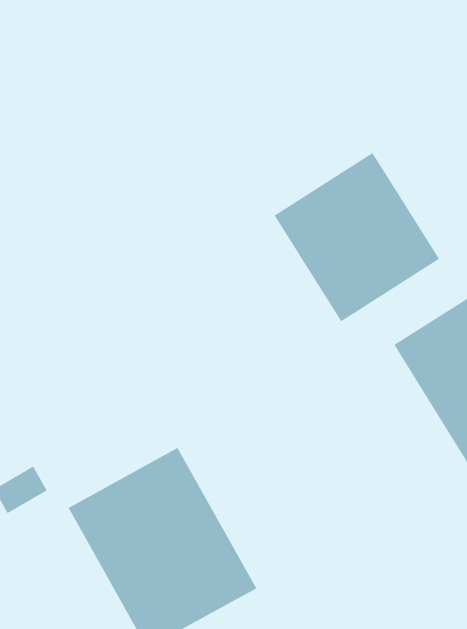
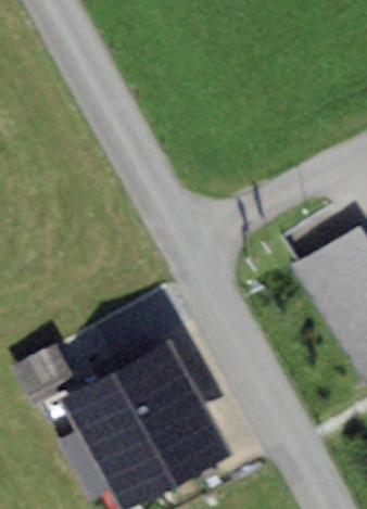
building: [274,152,440,322] -> none

